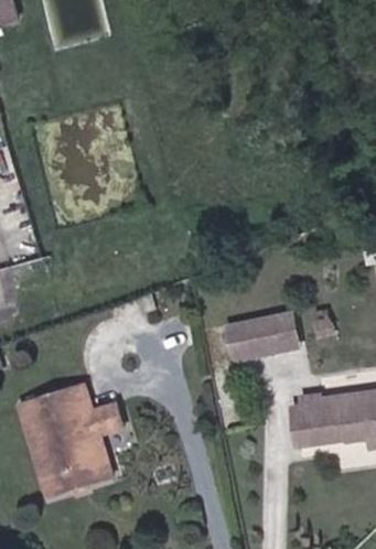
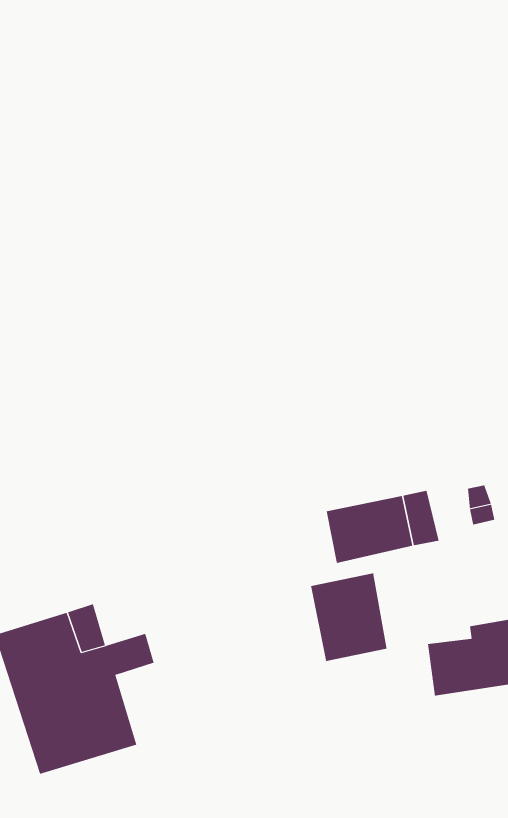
building: none -> [310,572,387,662]

